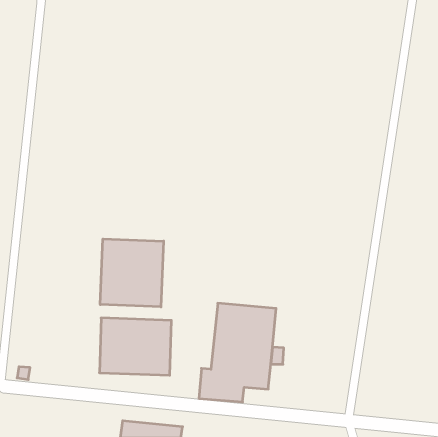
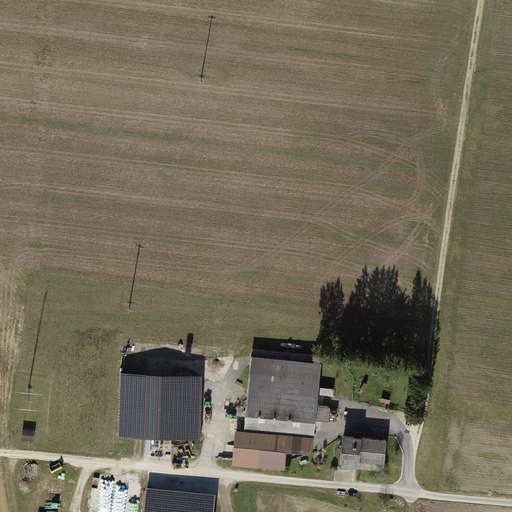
building: [100,239,164,307] -> none
building: none -> [337,434,387,471]

